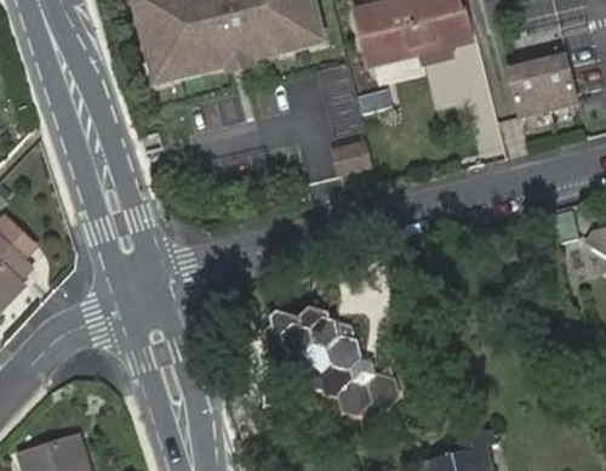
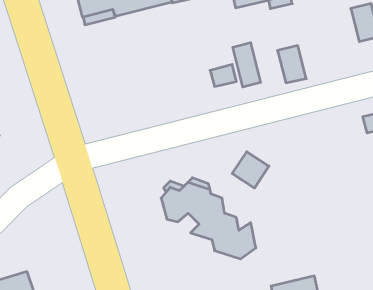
building: [508,61,549,114] -> [277,46,306,83]
building: none -> [233,43,261,87]
building: none -> [232,152,269,188]

